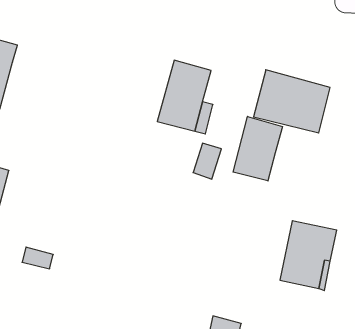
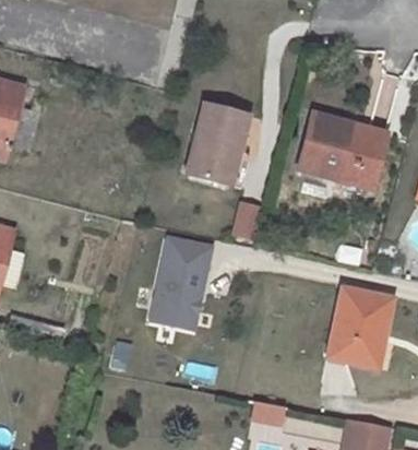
building: [233,116,283,181] -> none
building: none -> [148,234,213,331]

